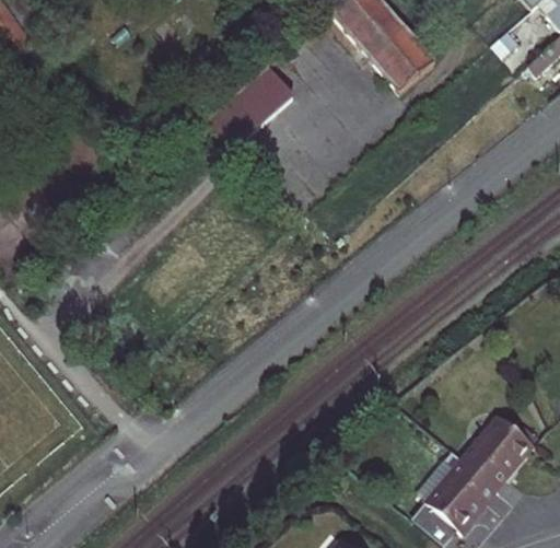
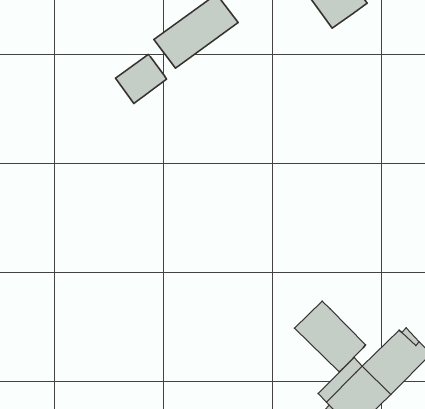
building: none -> [116,54,167,104]
building: none -> [295,301,366,372]

